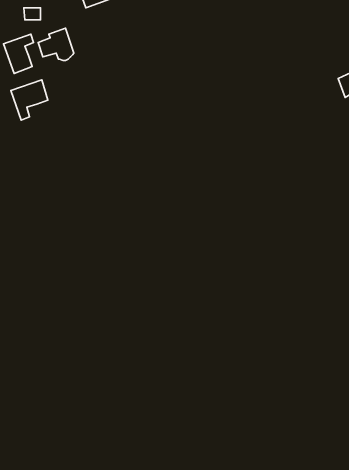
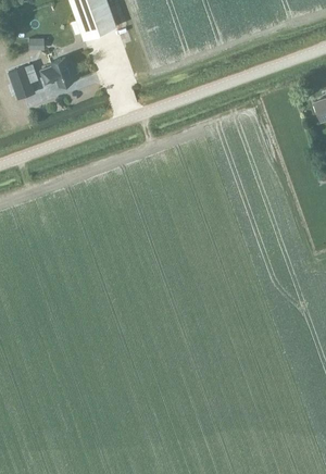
building: [11,80,48,120] -> none

